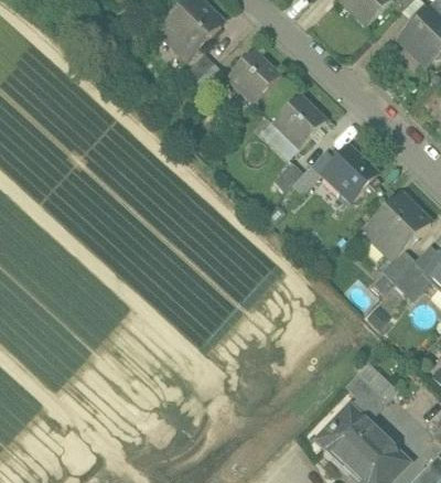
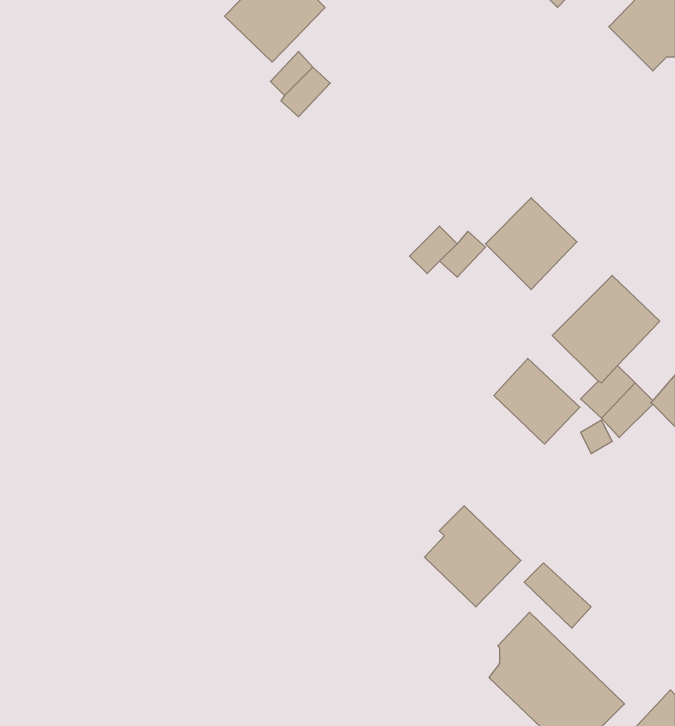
building: [226,49,280,103] -> none
building: [272,94,325,147] -> none
building: none -> [494,358,580,444]
building: none -> [424,506,521,607]

